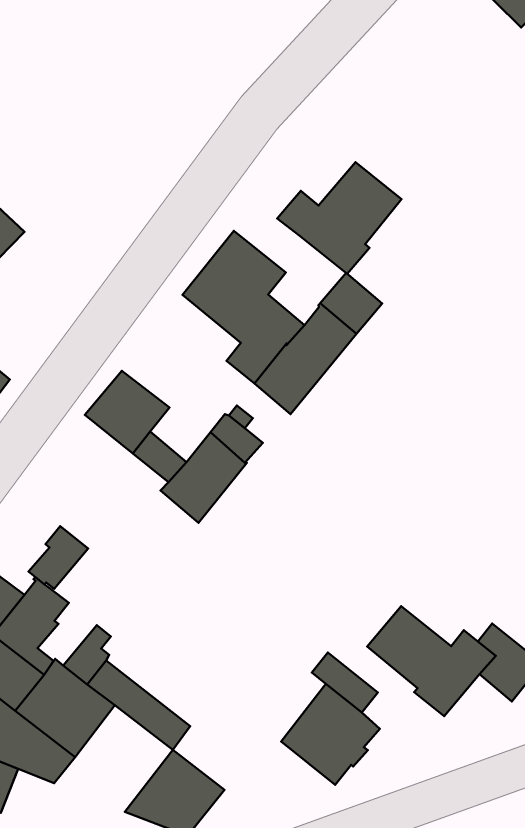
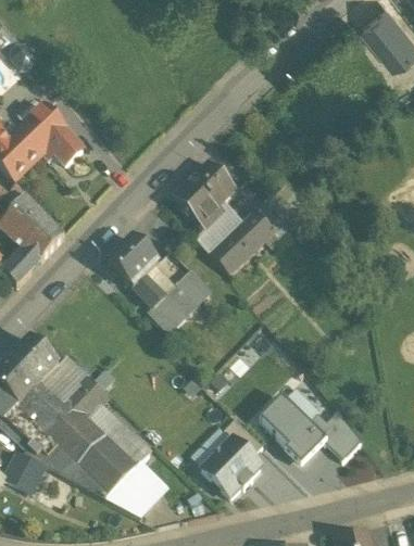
building: [277,162,402,274] -> none
building: [29,526,88,589] -> [62,371,99,408]
building: none -> [63,435,136,499]

